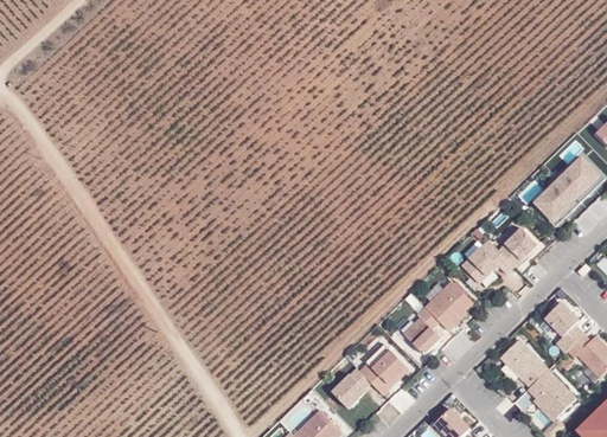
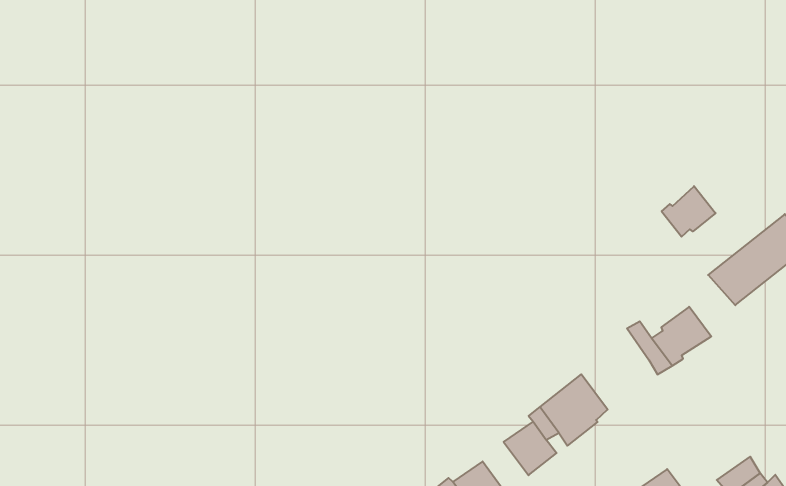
building: none -> [662,186,716,237]
building: [460,245,498,284] -> none
building: [544,302,580,335] -> none

